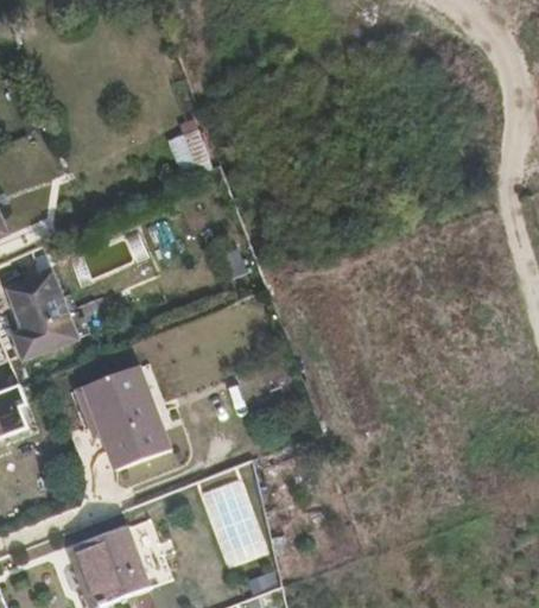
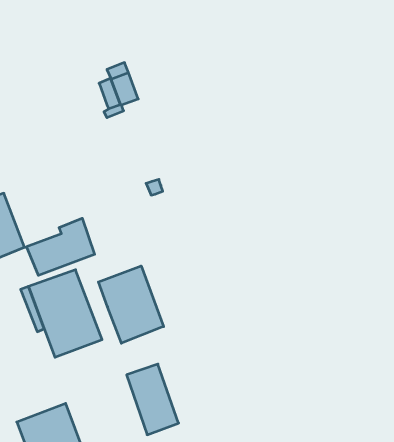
building: none -> [27,218,95,275]
building: none -> [98,266,164,343]

